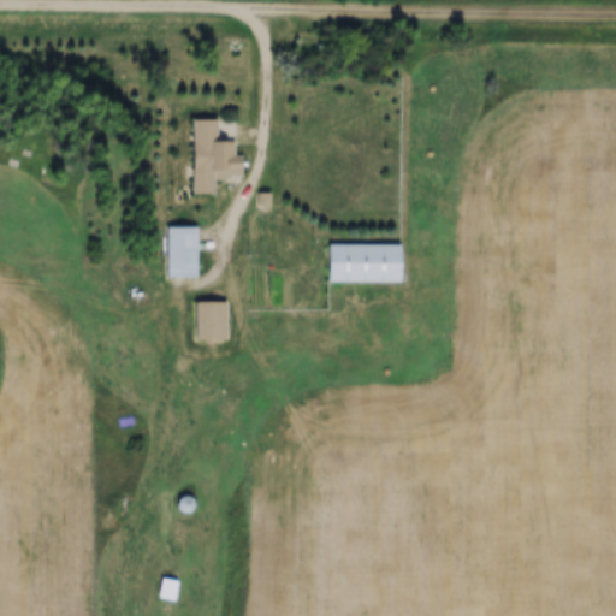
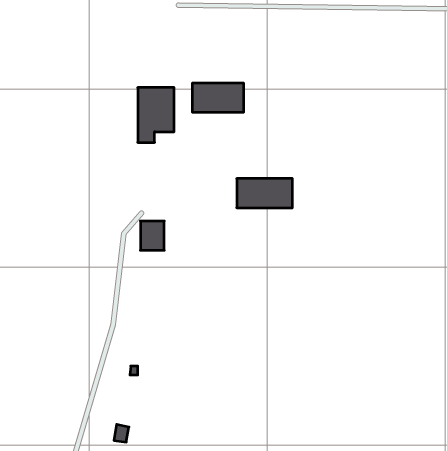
building: none -> [193,83,243,112]
building: [167,226,200,278] -> none

